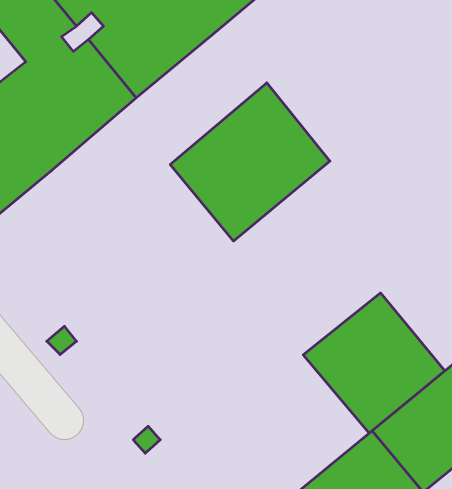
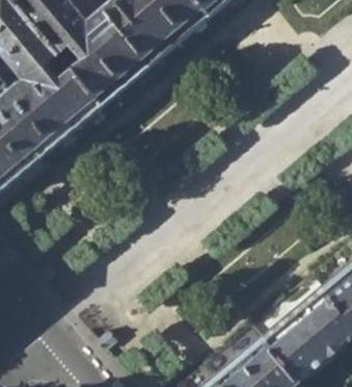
building: [170,83,330,241] -> none
building: [303,293,445,433] -> none

